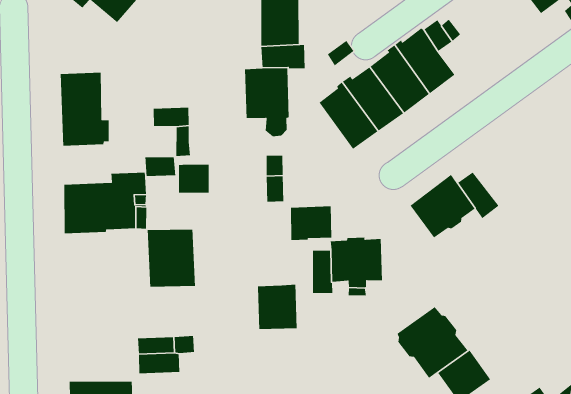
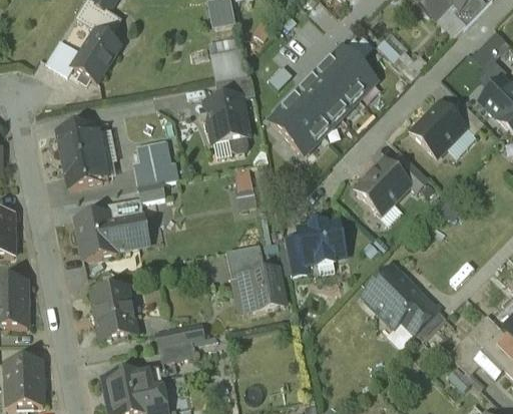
building: none -> [412,101,466,154]
building: [178,164,210,194] -> [133,157,162,185]
building: [290,205,332,241] -> [226,244,265,278]
building: [147,229,196,287] -> [90,287,137,340]

